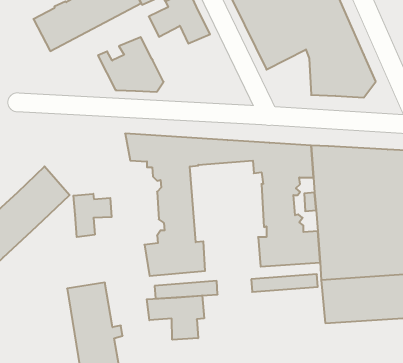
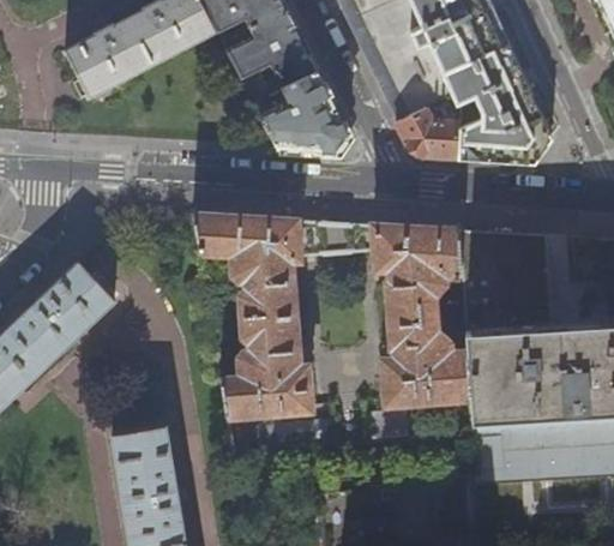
building: [98,37,164,92] -> [254,72,348,150]
building: none -> [396,94,459,158]
building: [73,194,112,237] -> none
building: [147,295,204,340] -> none

